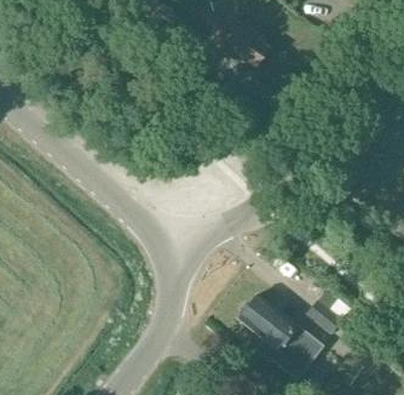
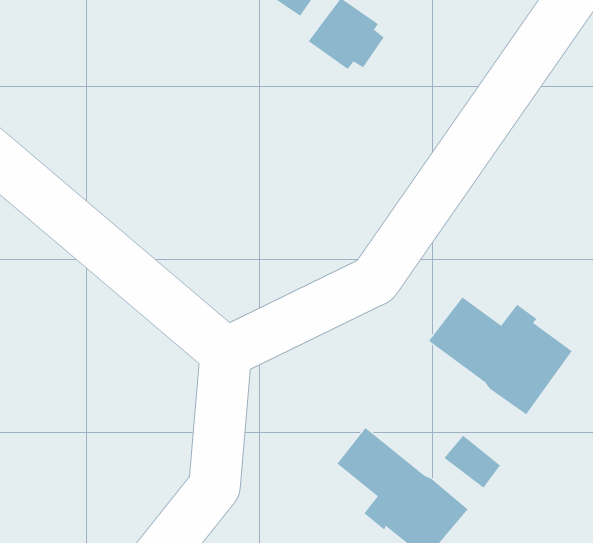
building: none -> [428,296,573,415]

